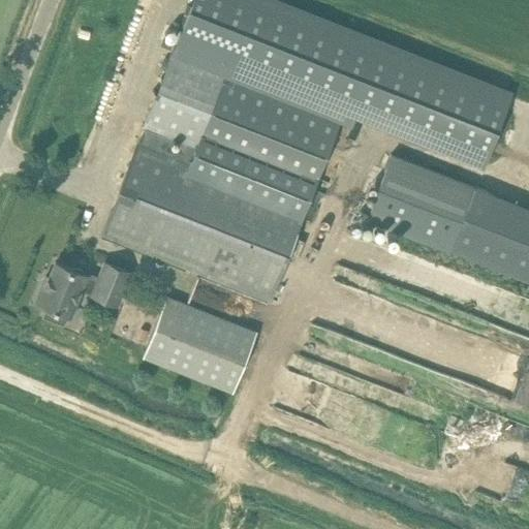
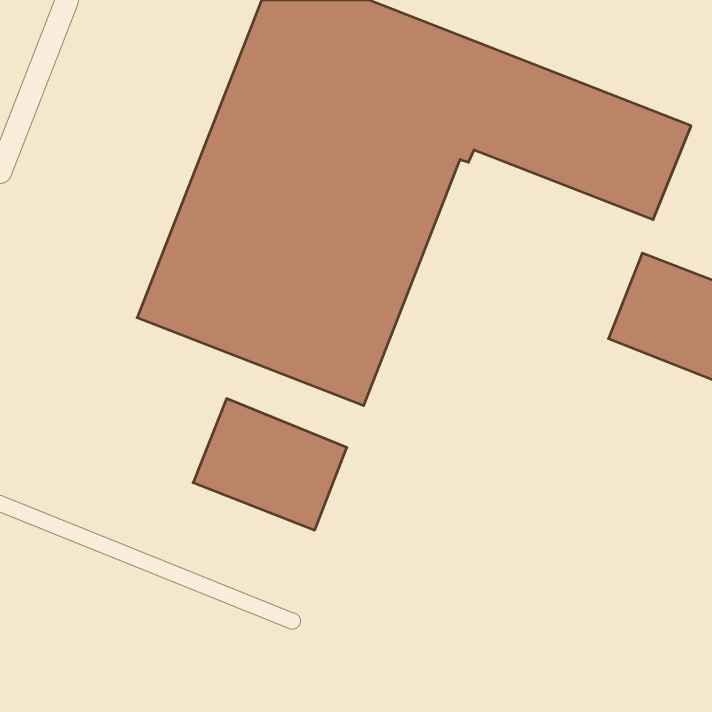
building: [368,156,476,254] -> none
building: [37,264,131,326] -> none

